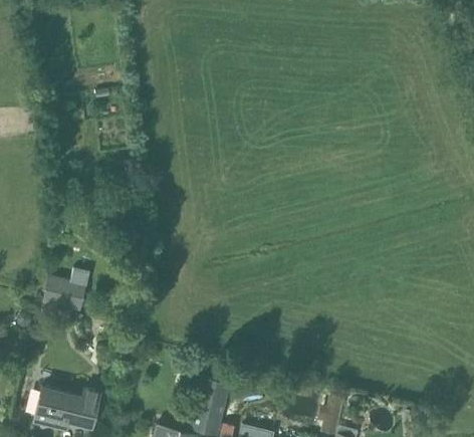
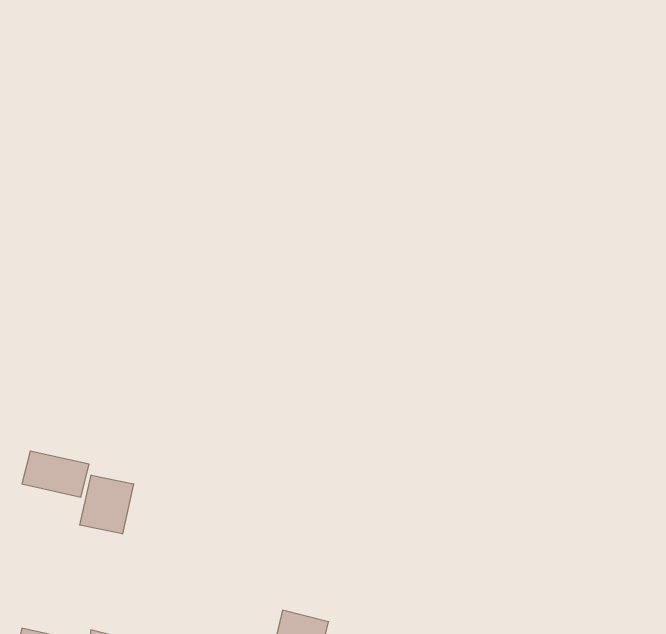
building: none -> [80,475,134,534]

